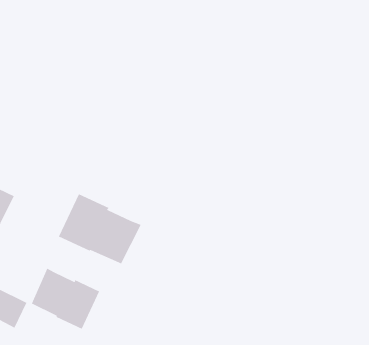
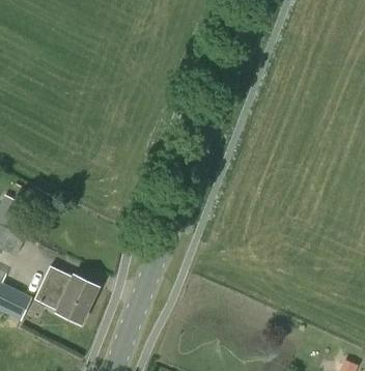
building: [58,193,142,264] -> none

